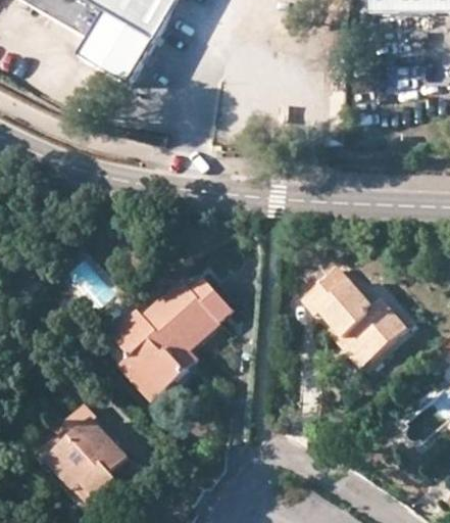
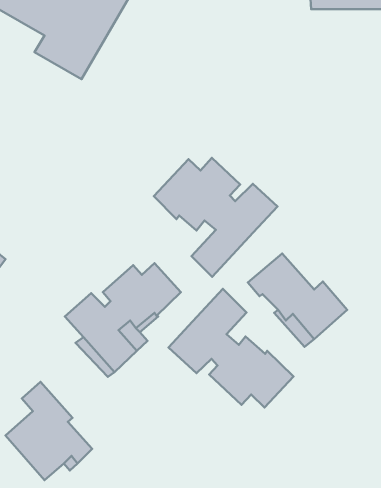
building: none -> [154,158,277,277]
building: none -> [168,289,293,408]

